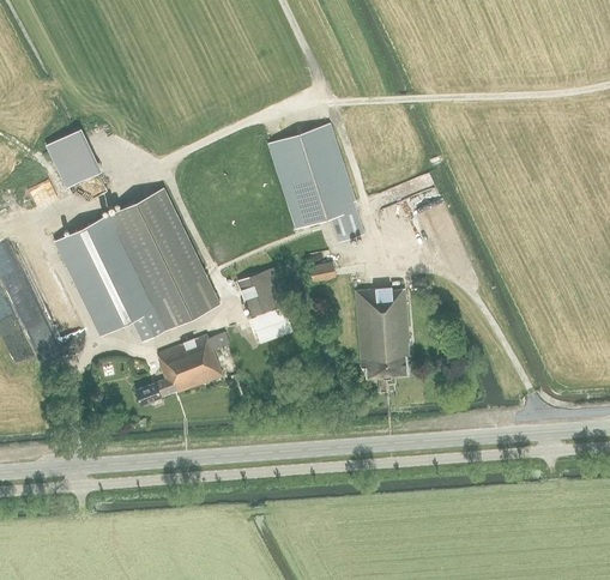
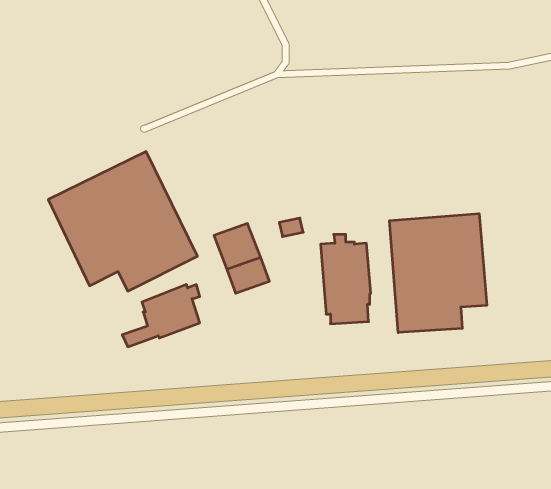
building: [268,123,364,242] -> none
building: [46,129,98,188] -> none
building: none -> [390,214,487,333]

